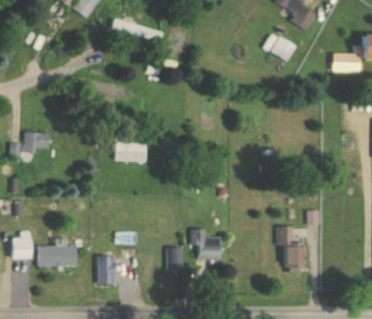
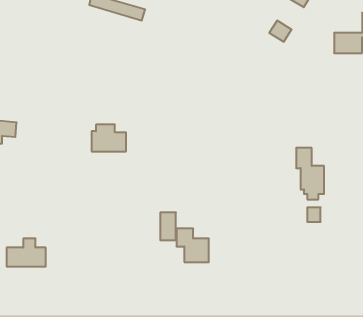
building: [280,226,305,273] -> [296,148,324,199]
building: [170,249,184,274] -> [160,212,176,240]
building: [98,257,114,284] -> none

